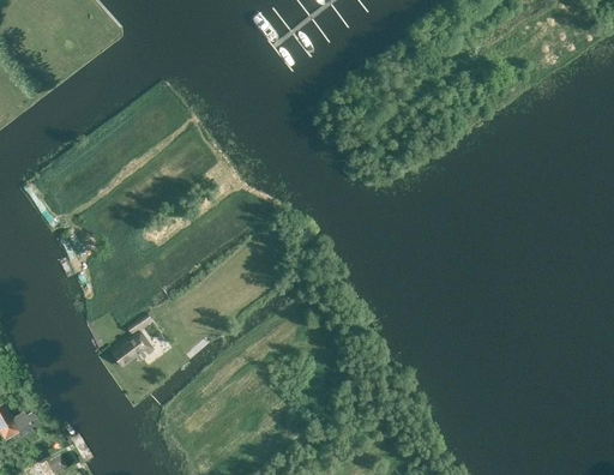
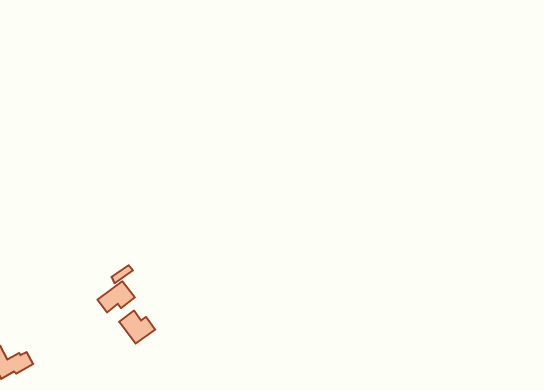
building: none -> [119,311,155,344]

